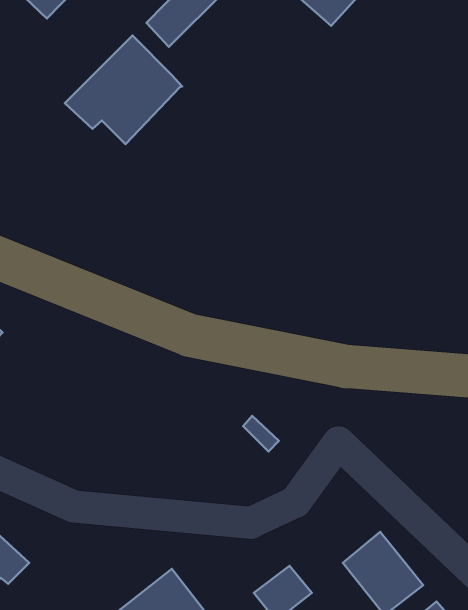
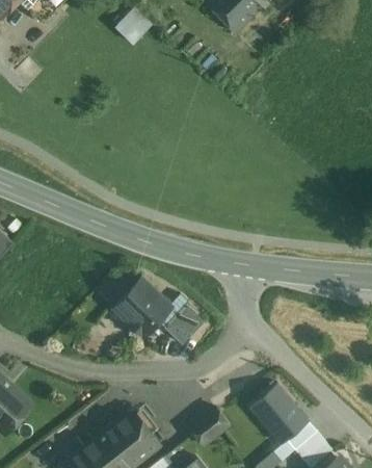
building: [65,36,182,144] -> none
building: none -> [113,279,170,336]
building: none -> [163,310,198,345]

